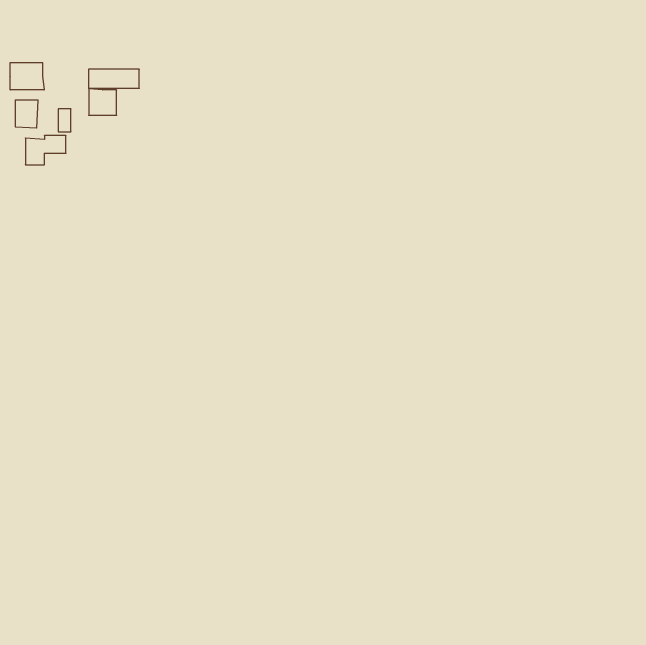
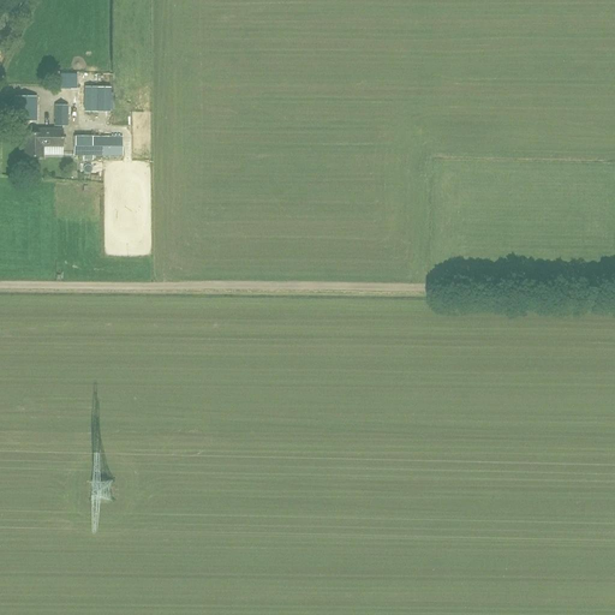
building: [10,63,44,90] -> none
building: [89,69,139,88] -> [74,136,123,154]

